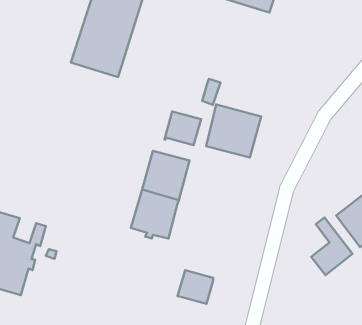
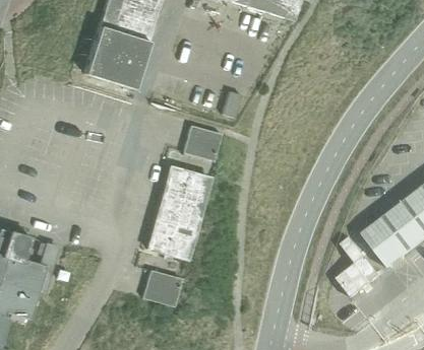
building: [206,105,261,157] -> none
building: [178,270,213,304] -> [142,269,180,304]

